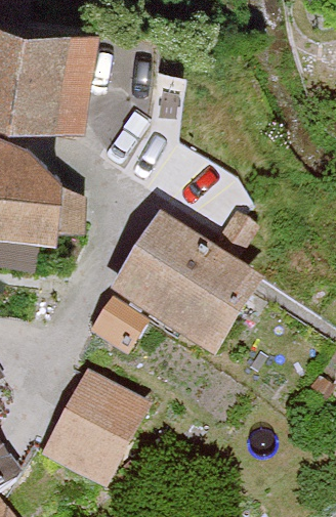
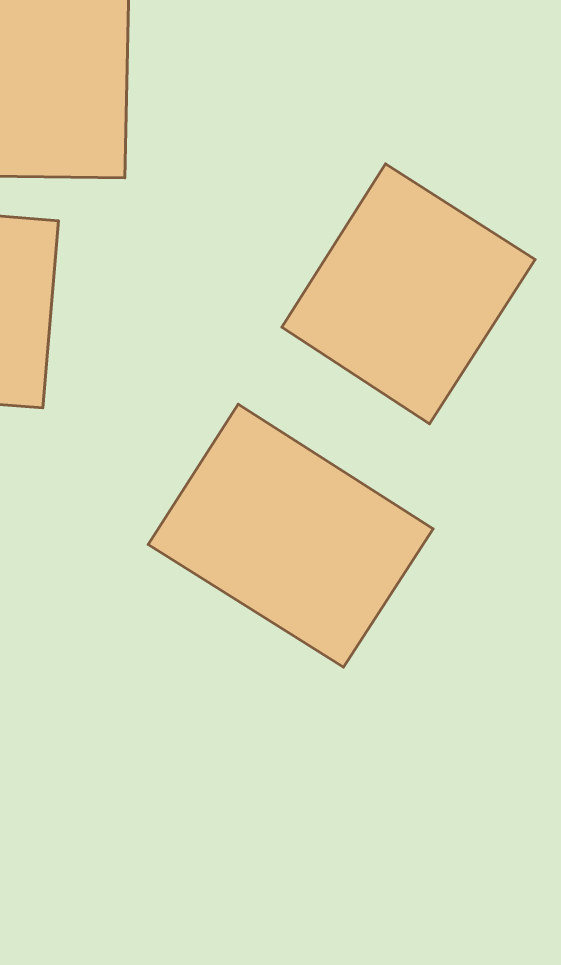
building: none -> [282,164,535,424]
building: [48,373,149,479] -> none

